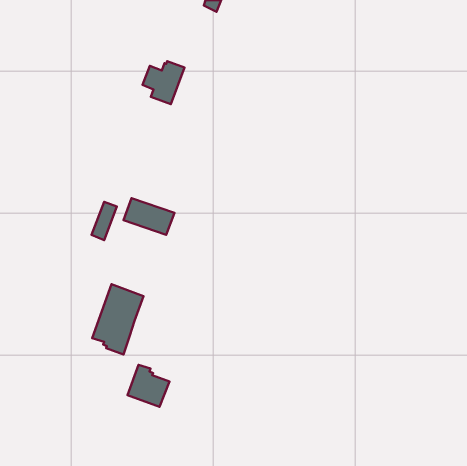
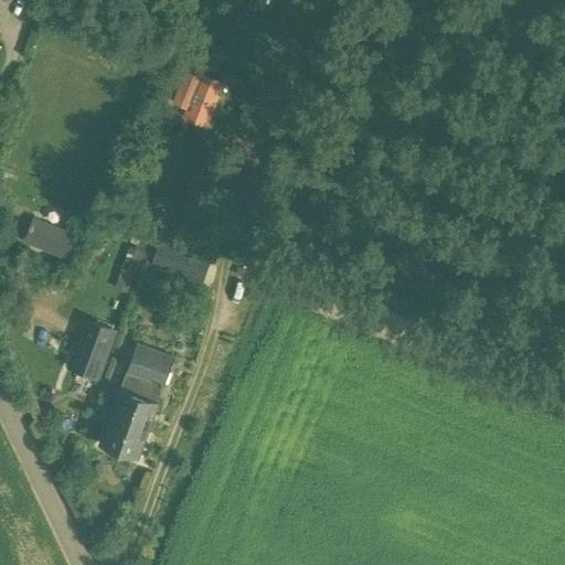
building: none -> [22,218,77,260]
building: none -> [74,323,114,377]
building: [128,365,170,407] -> [98,409,149,460]

